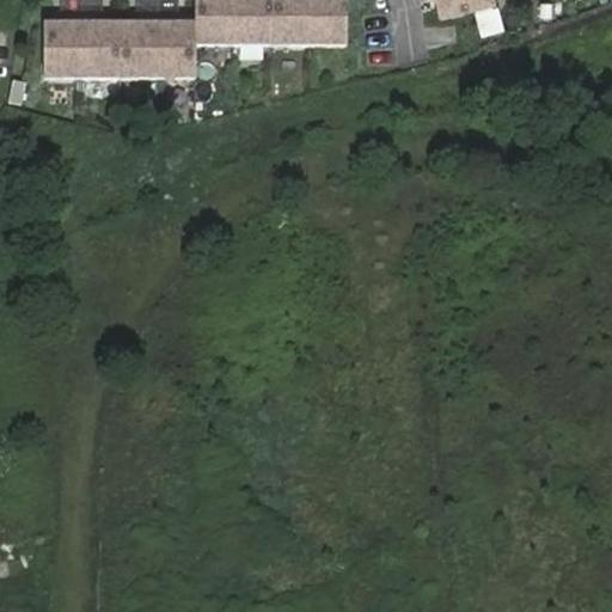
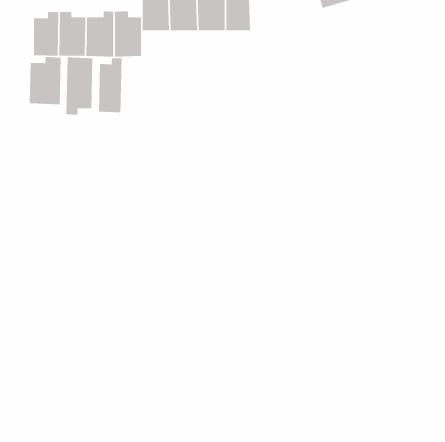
building: none -> [29,56,61,105]
building: none -> [66,57,93,115]
building: none -> [98,57,122,113]

